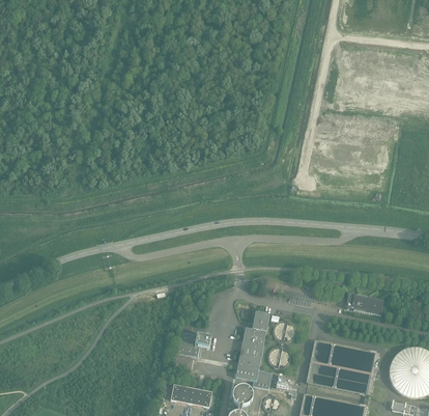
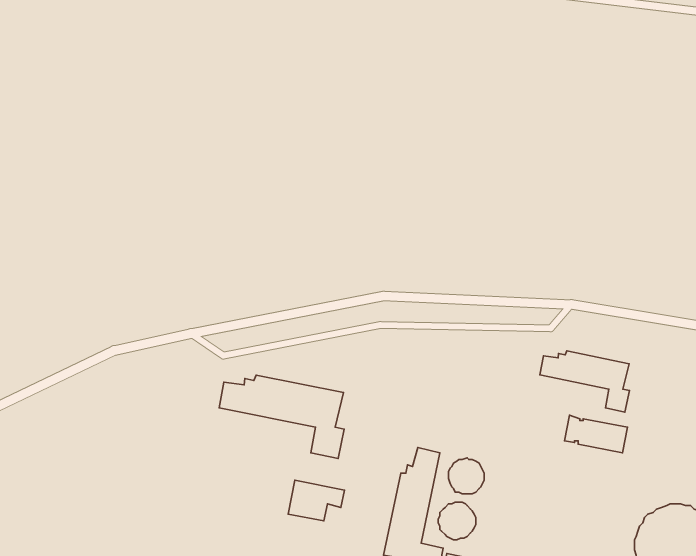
building: none -> [540,351,629,412]
building: none -> [219,375,344,458]

